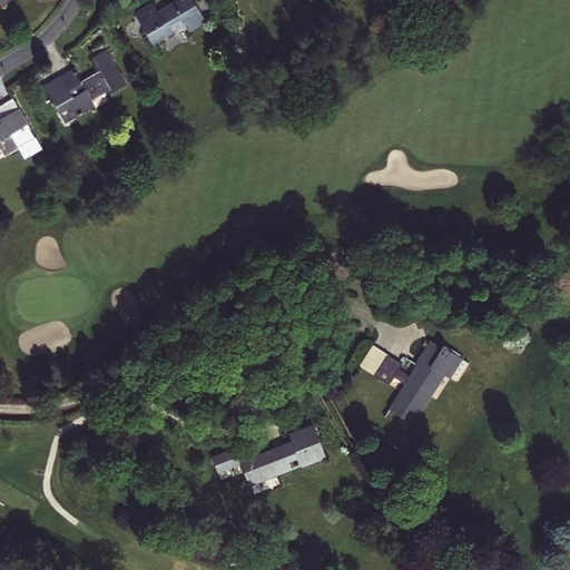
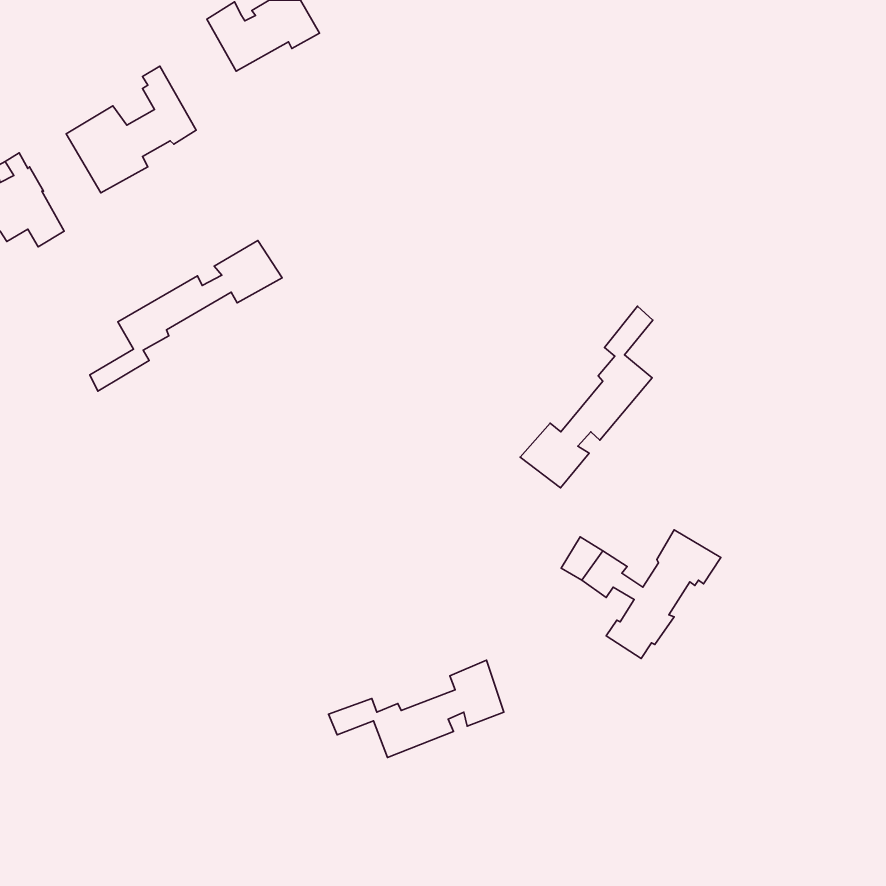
building: none -> [90,241,282,391]
building: none -> [520,306,653,488]

